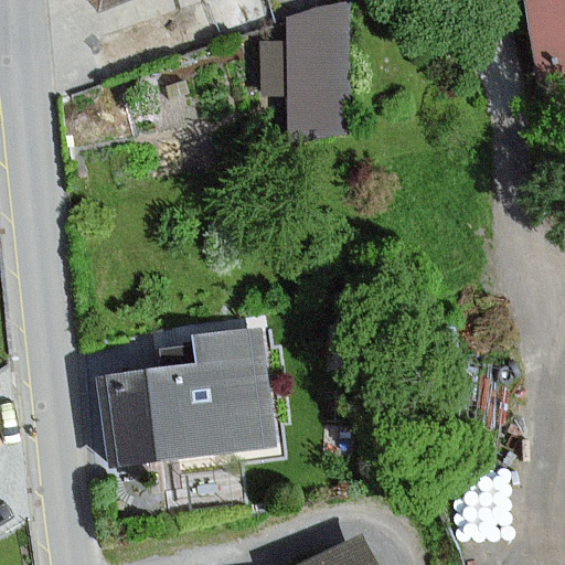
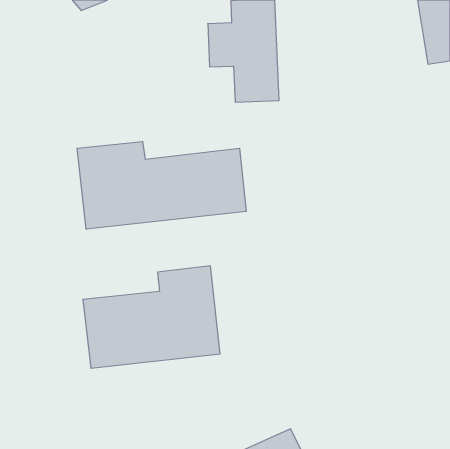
building: none -> [77,141,246,229]

